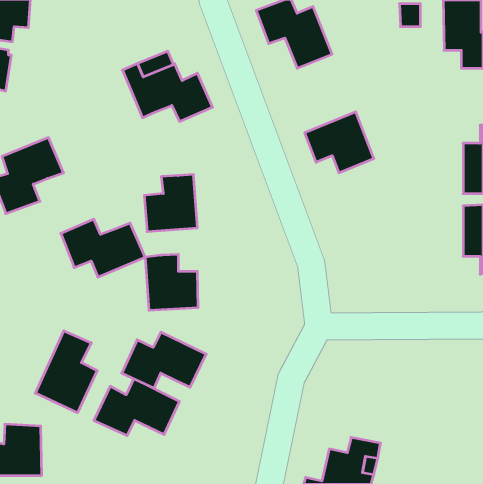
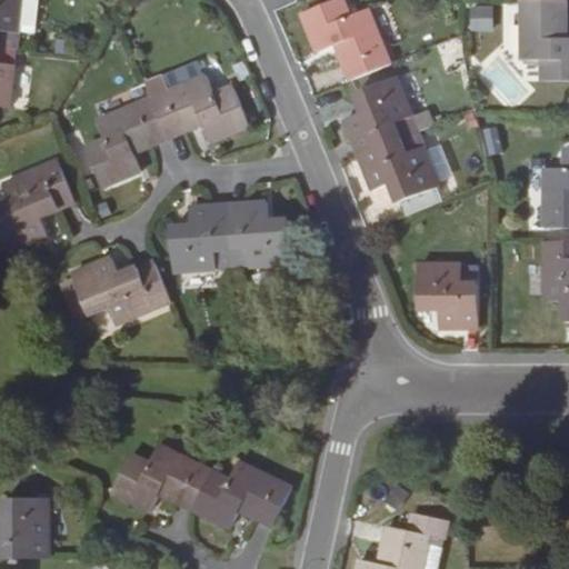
building: none -> [342,76,417,156]
building: none -> [83,98,167,187]
building: none -> [418,263,477,327]
building: [145,254,198,310] -> [227,201,289,267]
building: [35,331,97,413] -> none
building: [122,332,206,388] -> [192,461,291,527]

